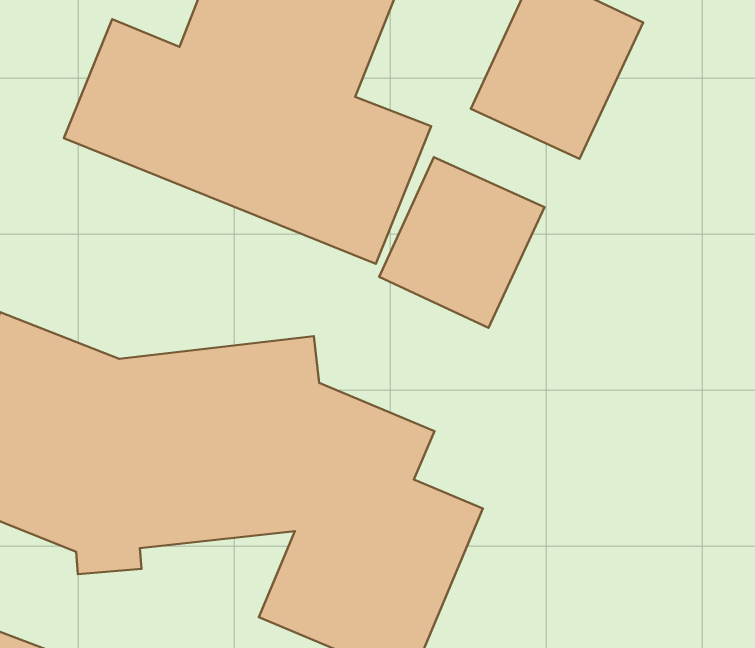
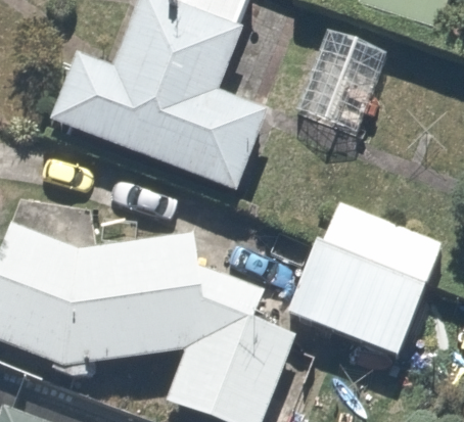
building: [379,157,544,328] -> none
building: none -> [293,204,446,357]

